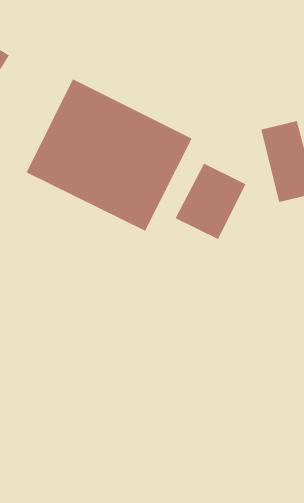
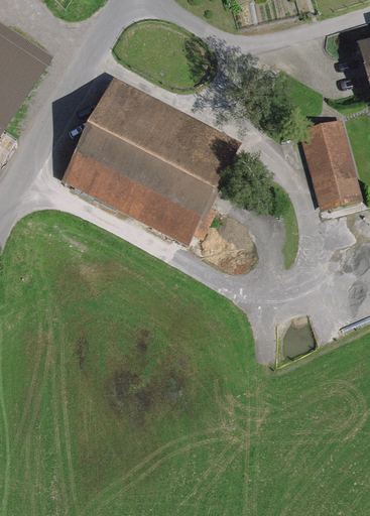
building: [175,163,246,240] -> none

